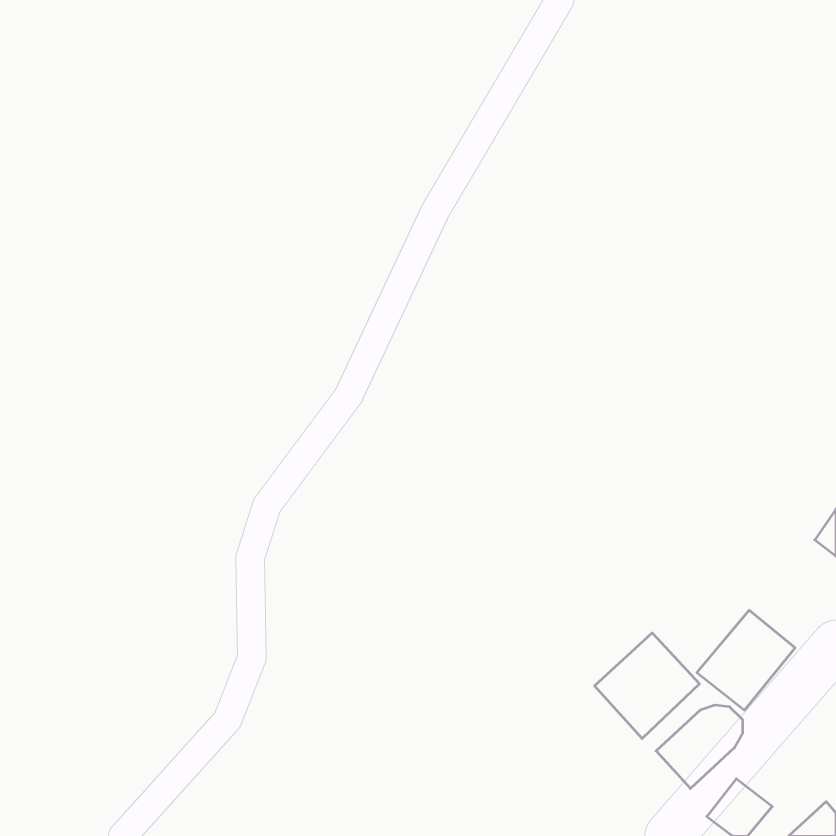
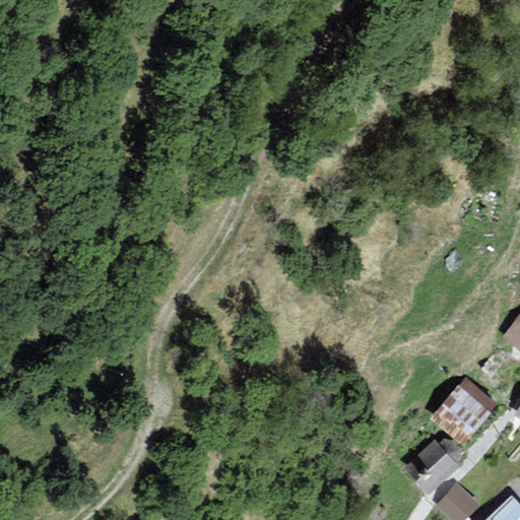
building: [595,633,699,739] -> none

